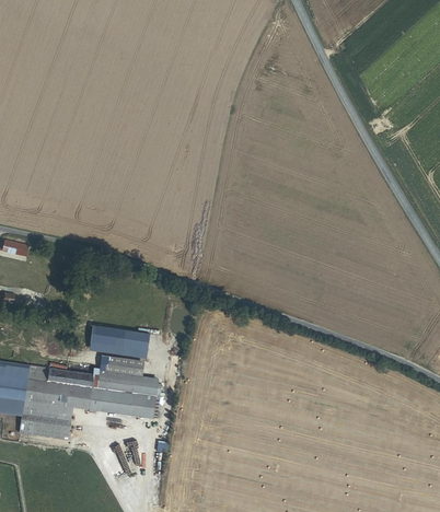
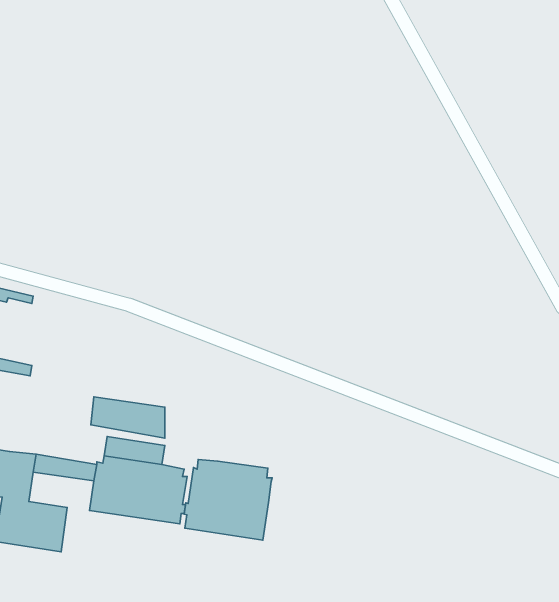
building: none -> [184,459,272,540]
building: [43,382,91,410] -> none

